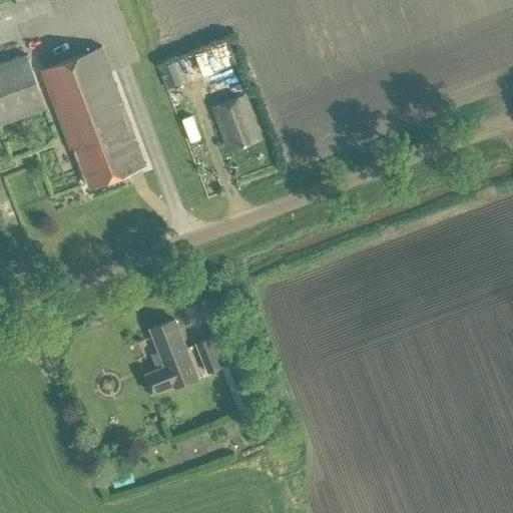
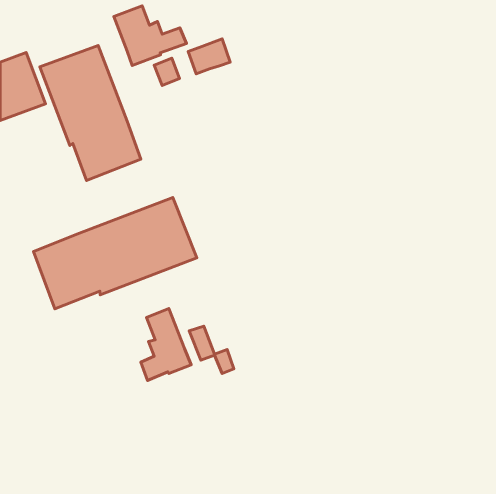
building: none -> [114,6,186,66]
building: [212,97,261,150] -> none
building: none -> [34,197,197,309]

